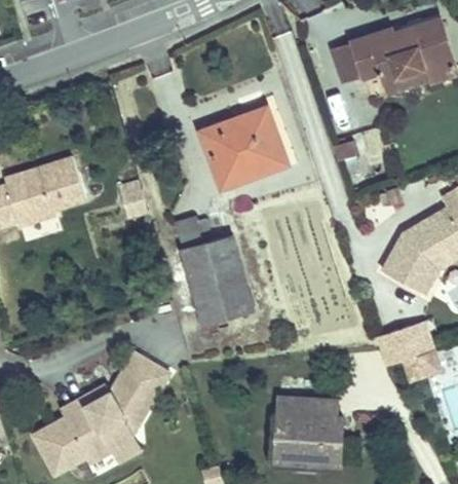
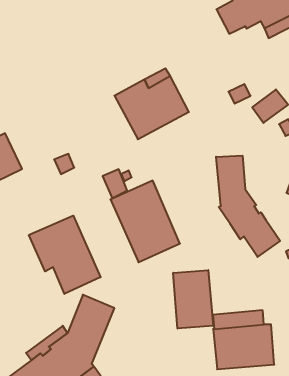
building: none -> [216,156,280,257]
building: none -> [29,216,101,294]
building: none -> [173,270,213,329]

